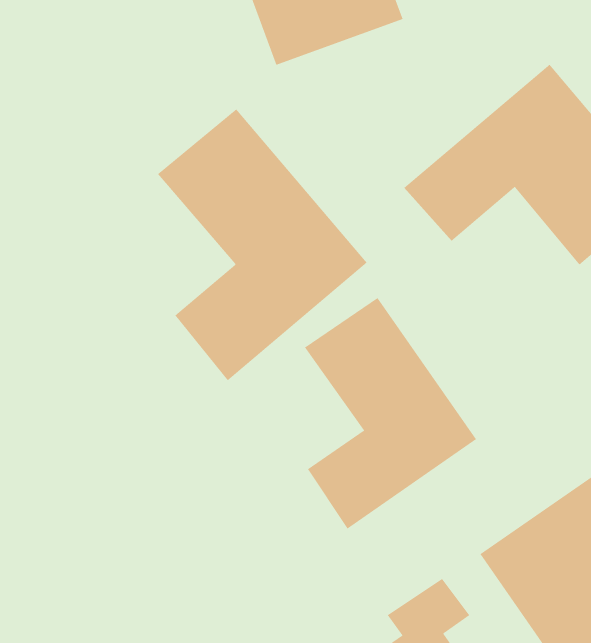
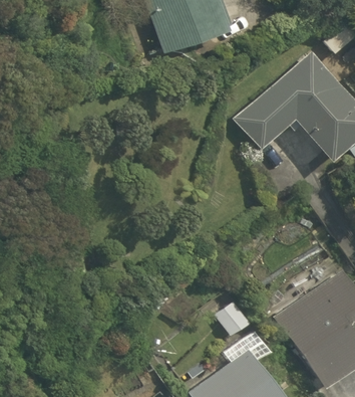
building: [157,108,367,381] -> none
building: [304,297,477,530] -> none

